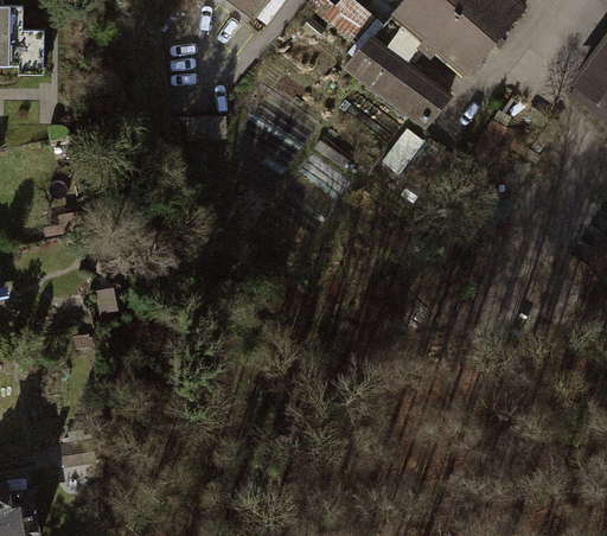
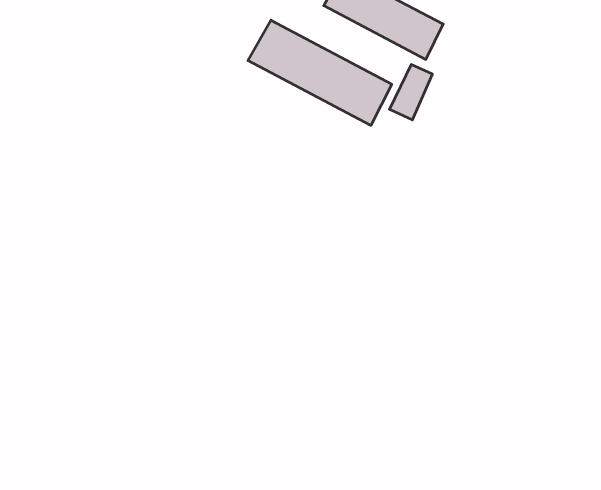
building: none -> [248,20,392,125]

